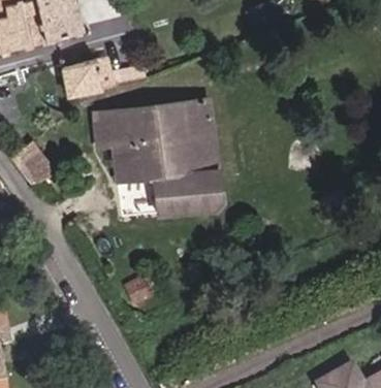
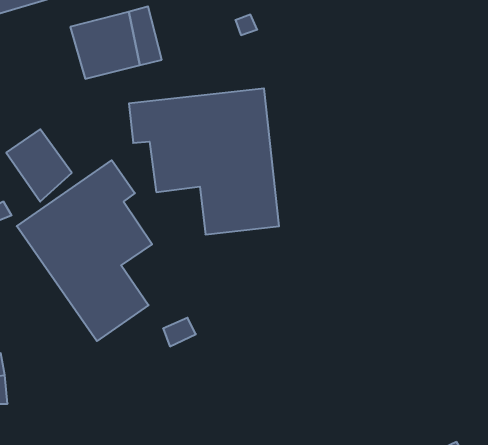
building: none -> [17,160,152,341]

